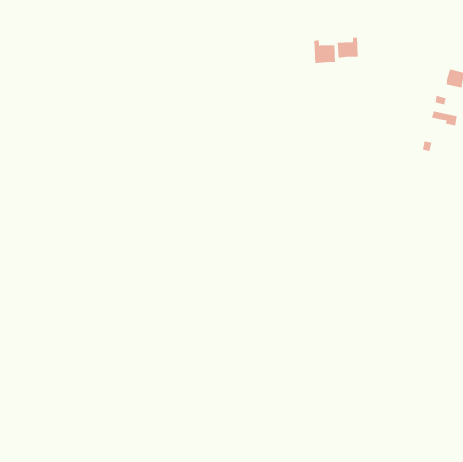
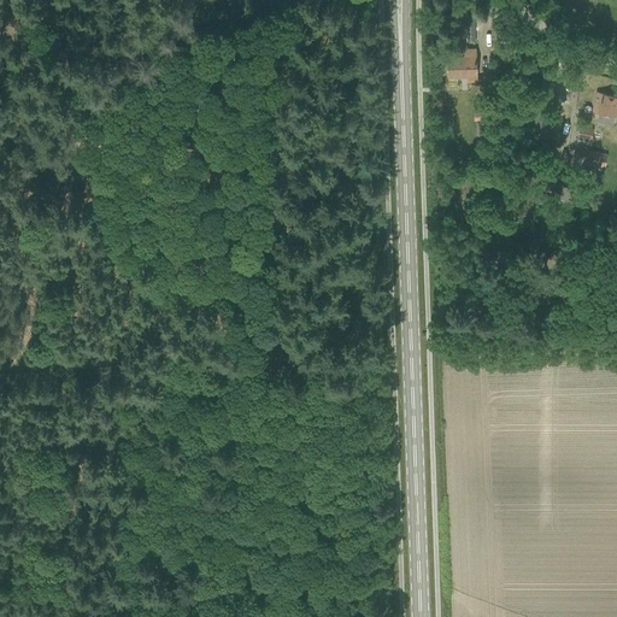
building: [314,40,335,64] -> none

